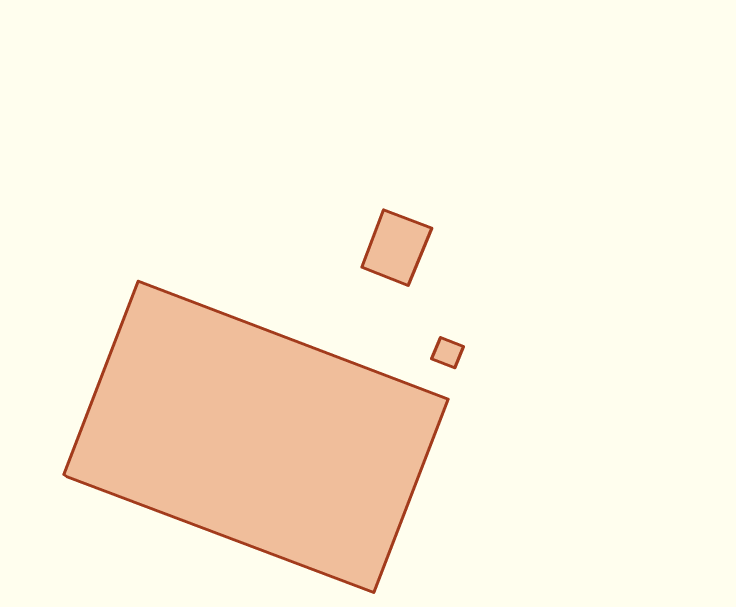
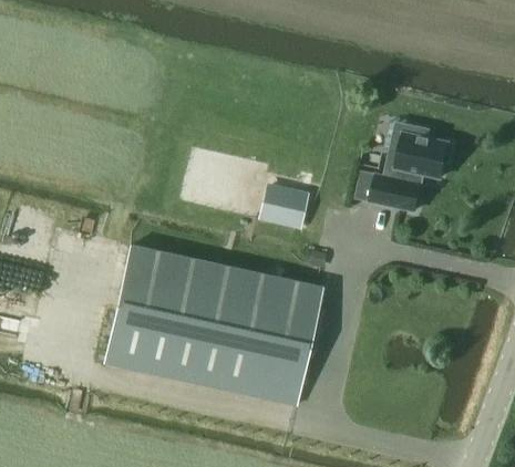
building: none -> [371,124,452,210]

